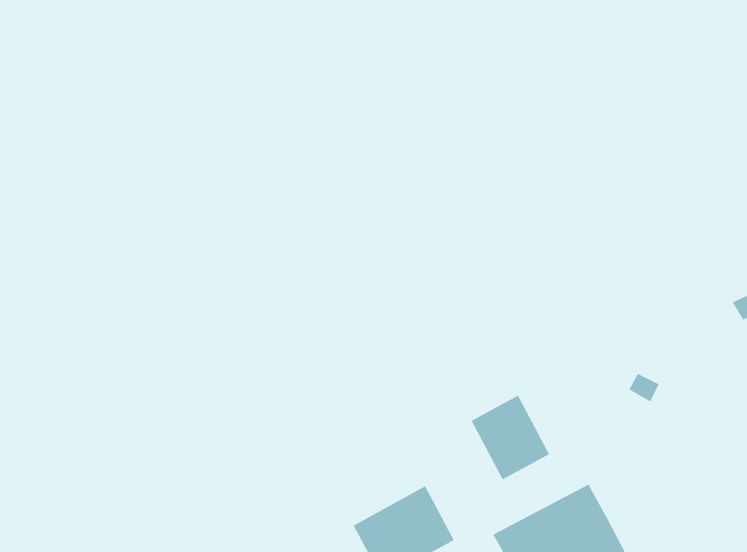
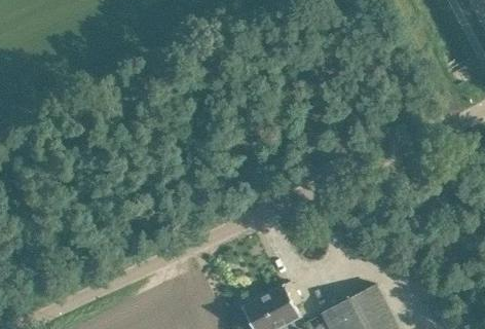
building: [471,395,550,480] -> none

